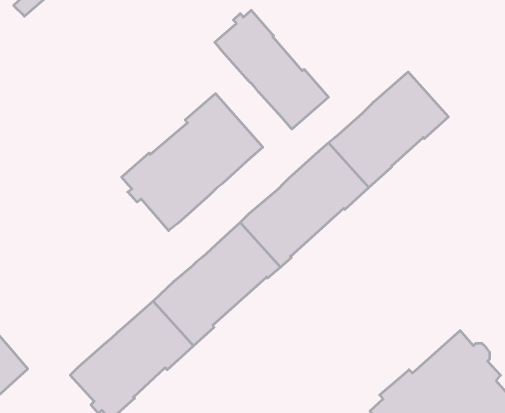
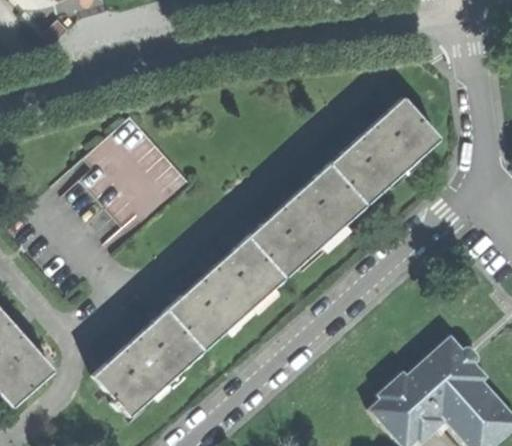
building: [215,10,328,129] -> none
building: [122,94,263,231] -> none

